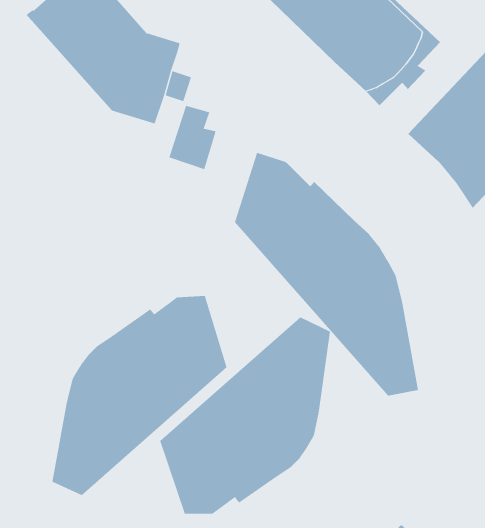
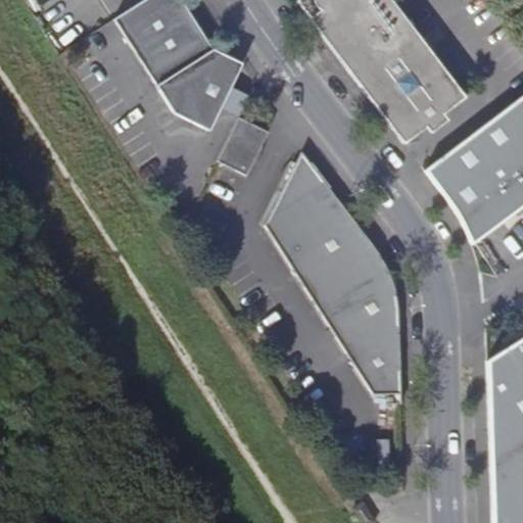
building: [52,295,227,496] -> none
building: [159,316,330,515] -> none

